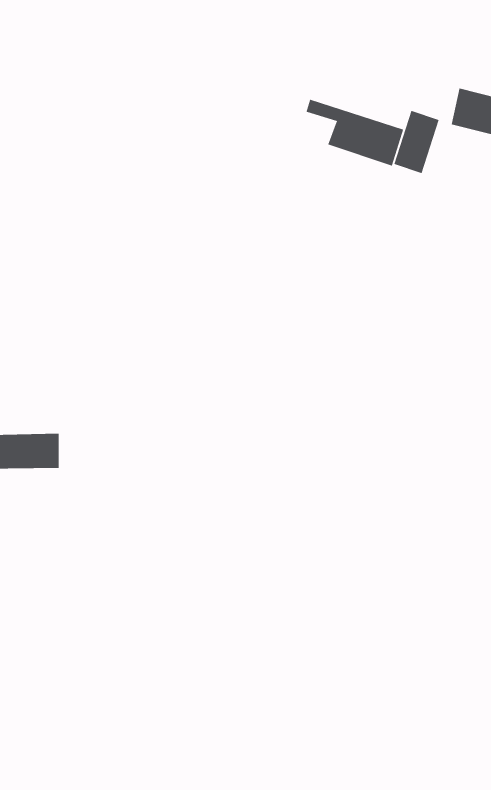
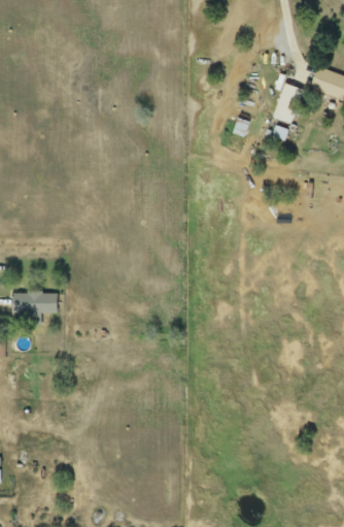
building: [306,99,404,166] -> none

